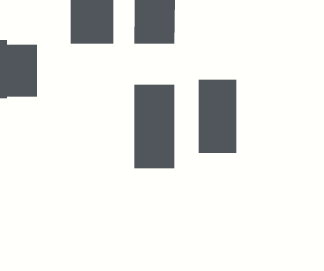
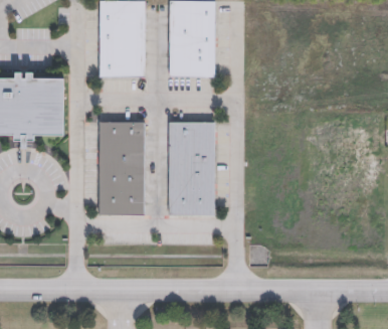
building: [198,79,237,154] -> none
building: none -> [98,122,147,216]

